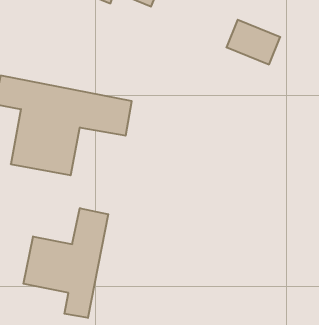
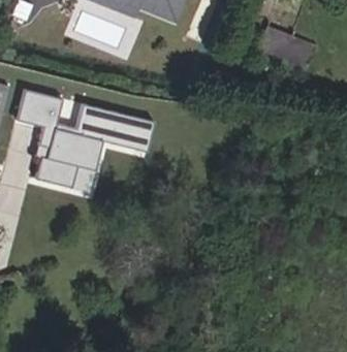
building: [23,208,108,318] -> none

